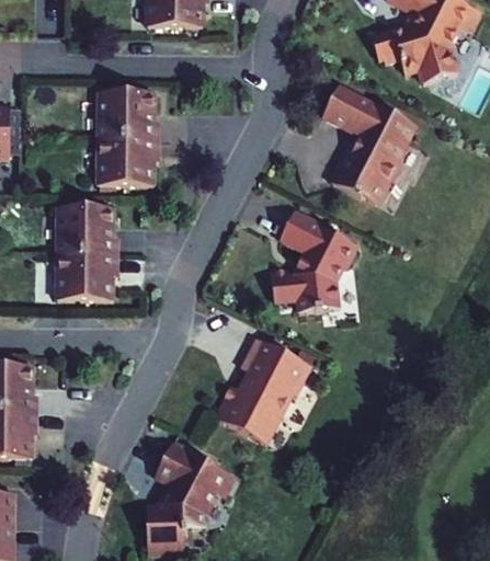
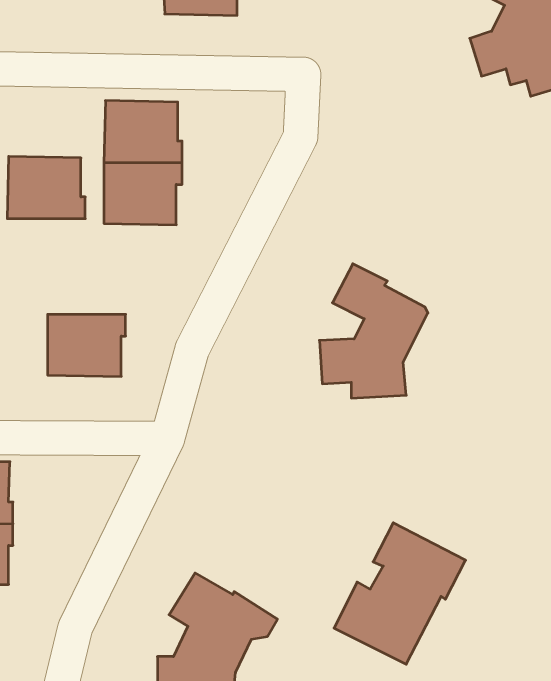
building: [320,88,413,202] -> none
building: [60,202,119,249] -> [7,156,85,219]
building: [203,335,303,443] -> [334,523,466,664]

